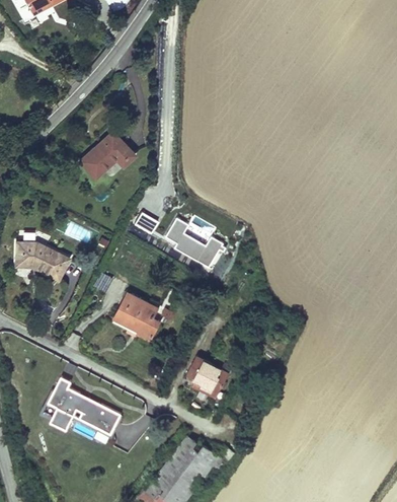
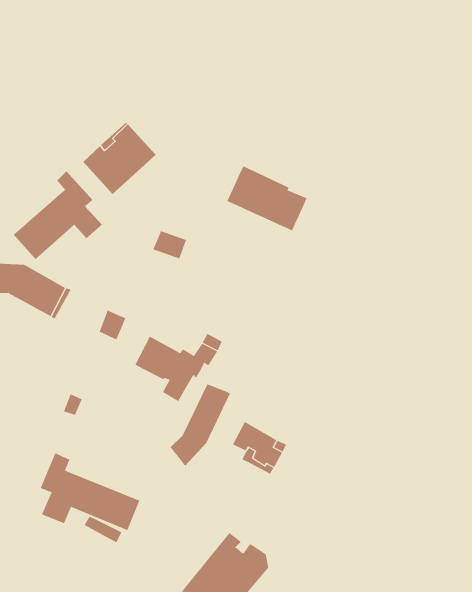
building: none -> [13,171,103,260]
building: [162,219,222,268] -> [226,165,307,231]
building: none -> [170,383,231,466]

